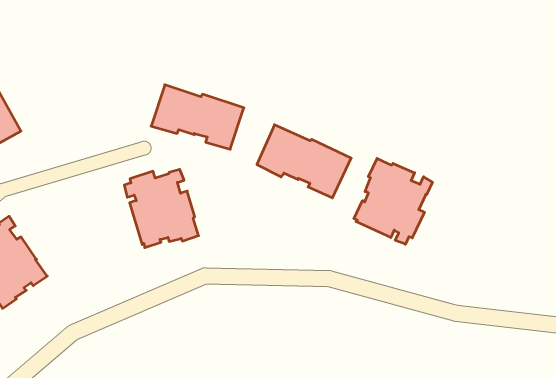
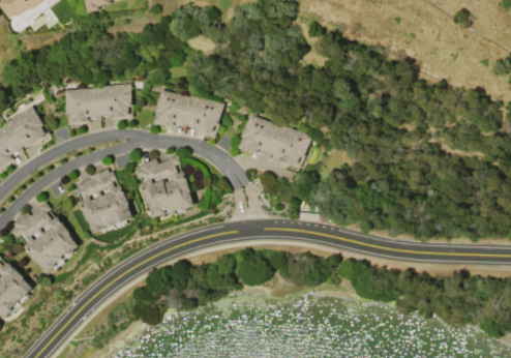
building: none -> [63,83,131,124]
building: [354,158,432,244] -> none
building: none -> [71,169,132,234]

